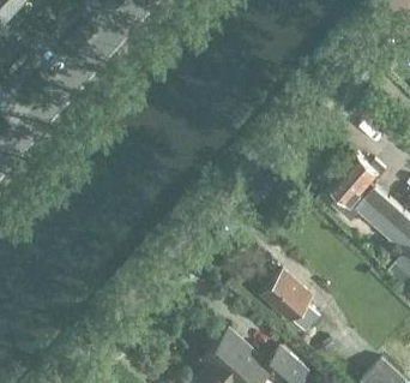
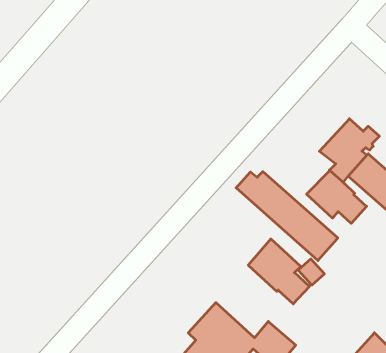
building: none -> [307,170,367,223]
building: none -> [236,172,338,261]

